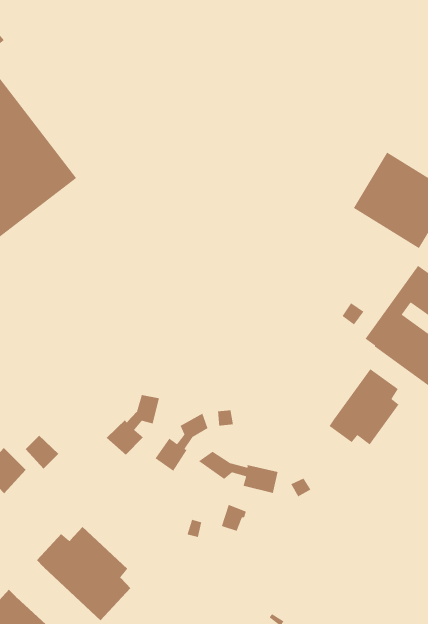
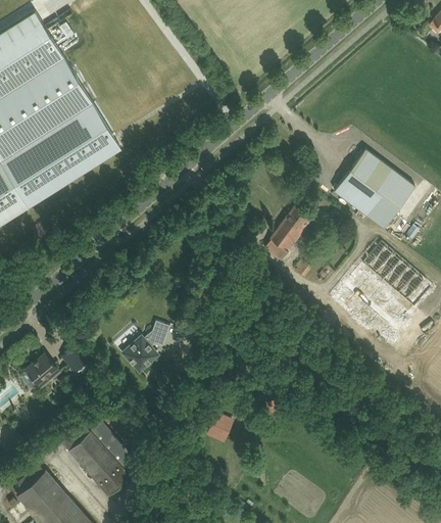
building: none -> [263,205,311,260]
building: [329,368,399,445] -> none
building: [155,413,208,472] -> none
building: [198,451,279,494] -> none

